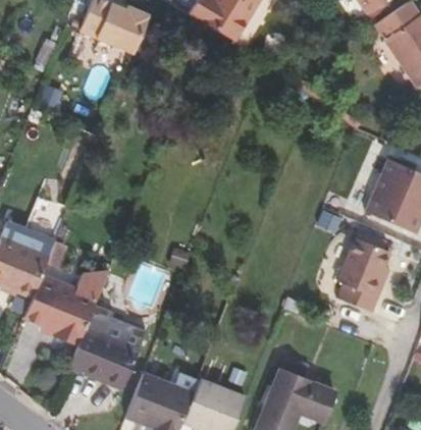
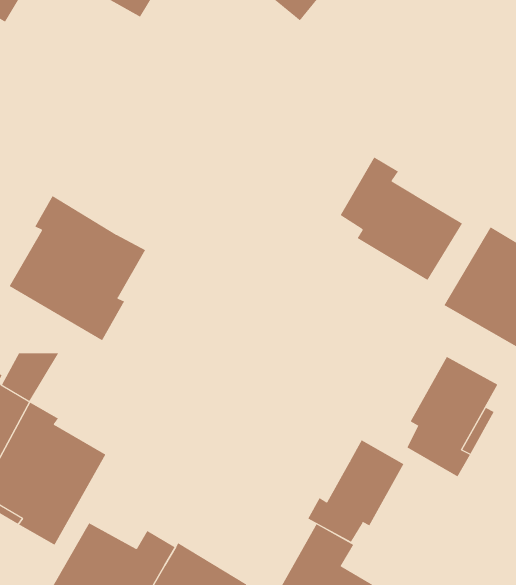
building: none -> [340,156,463,281]
building: none -> [9,195,146,341]
building: none -> [307,439,404,542]

